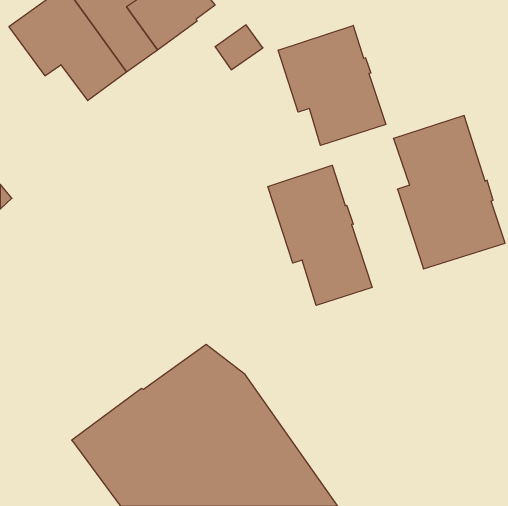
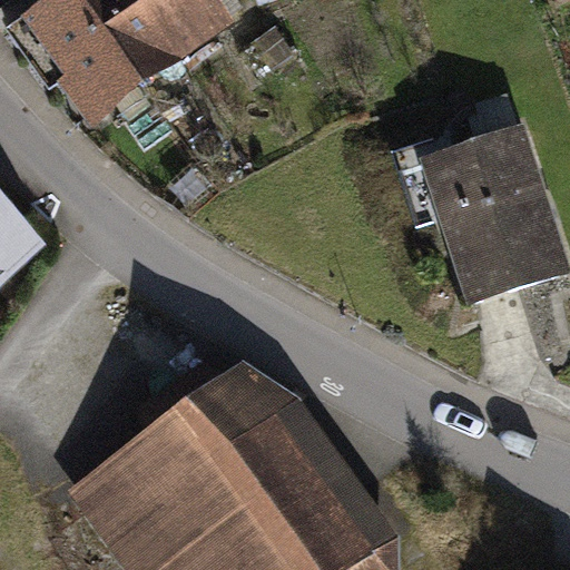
building: [278,25,386,145] -> none
building: [268,165,372,305] -> none

